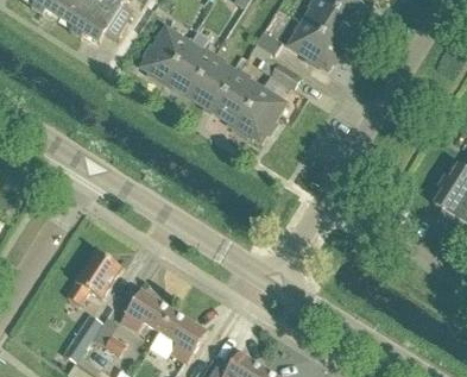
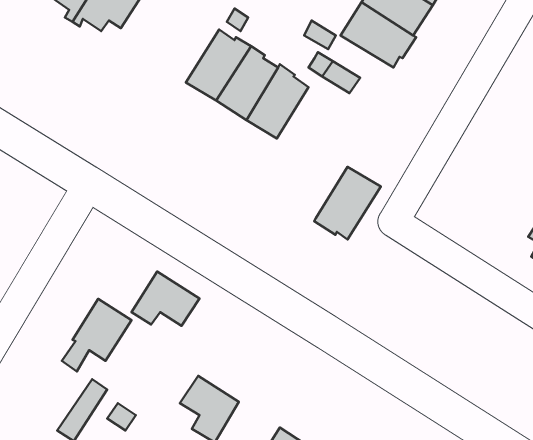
building: [139,24,190,82] -> none
building: [234,84,286,142] -> [314,167,381,239]
building: [120,290,173,333] -> [131,271,200,326]

